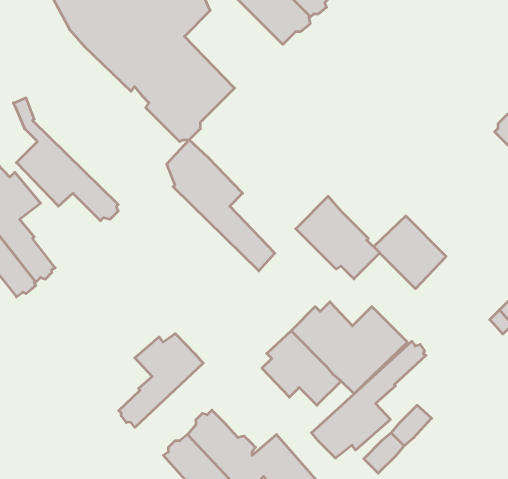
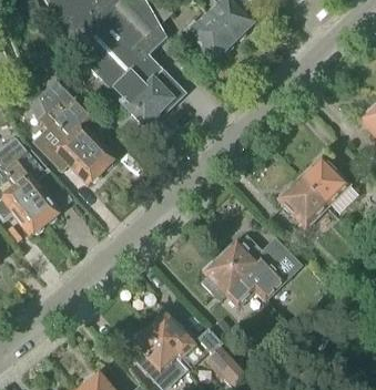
building: [167,140,275,271] -> [39,80,113,170]
building: [296,196,380,279] -> [299,155,357,212]
building: [119,334,203,427] -> none
building: [311,341,426,458] -> none

